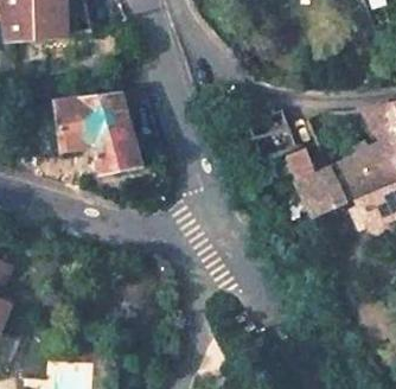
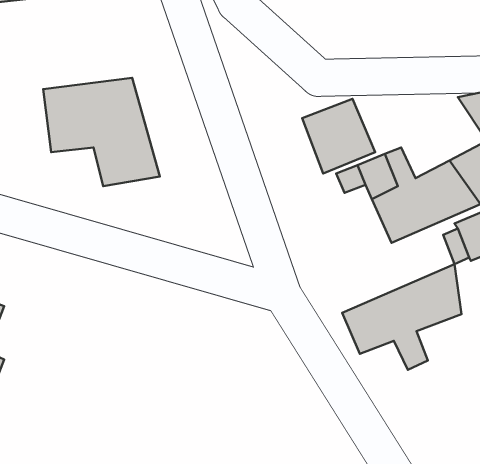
building: none -> [342,264,462,370]

